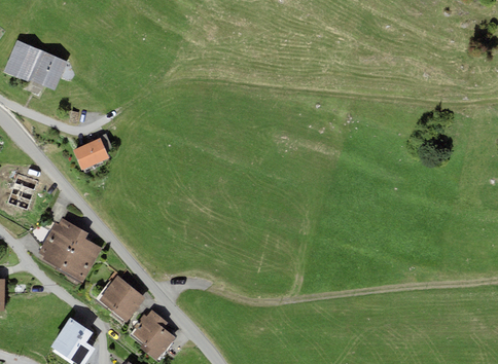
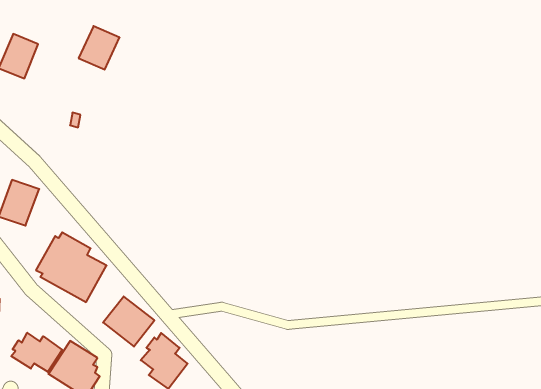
building: [30,51,67,90] -> [79,26,120,70]
building: [72,135,111,171] -> none
building: none -> [11,333,62,372]

